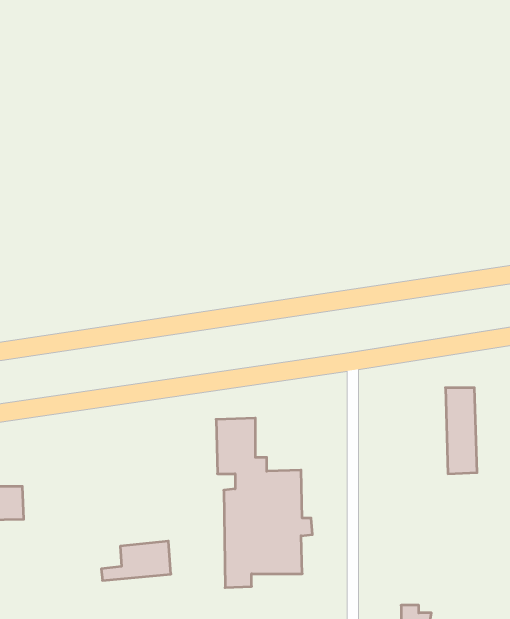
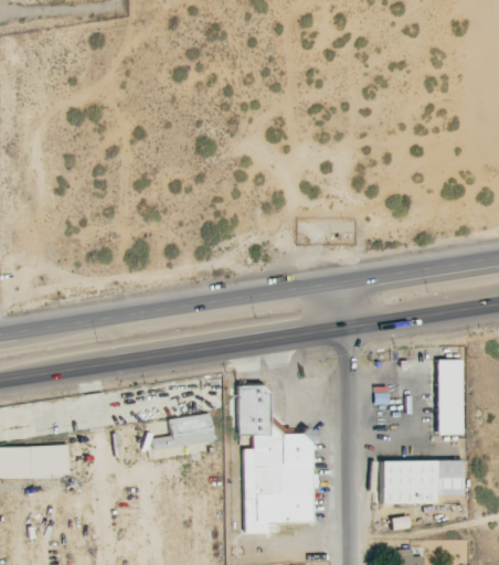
building: none -> [382,460,465,504]
building: [101,541,171,580] -> [153,414,214,448]

